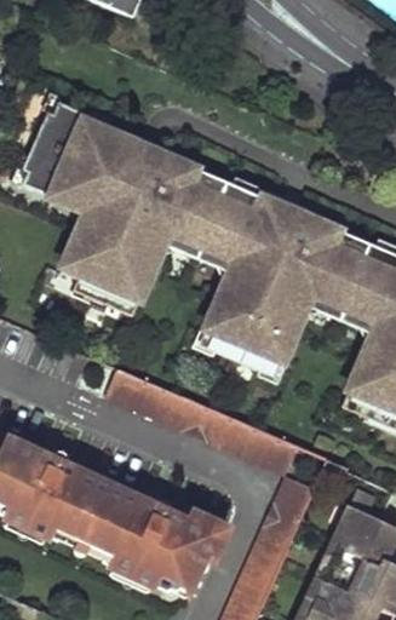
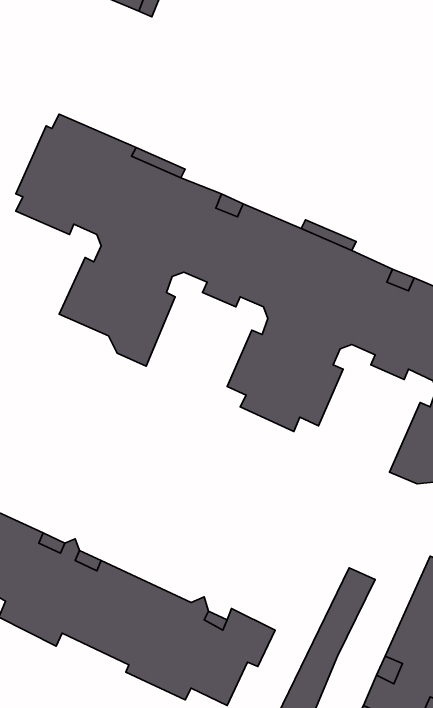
building: [110,366,303,469] -> none

